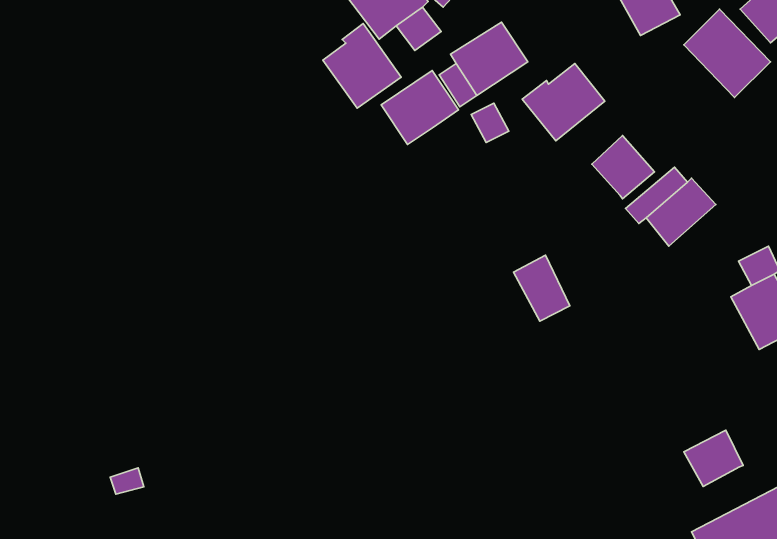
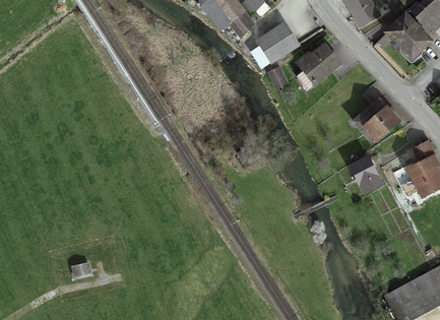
building: [323,23,401,108] -> none
building: [381,70,459,144] -> none
building: [592,136,655,199] -> none
building: [513,255,570,321] -> [350,157,380,193]
building: [684,430,743,486] -> none

